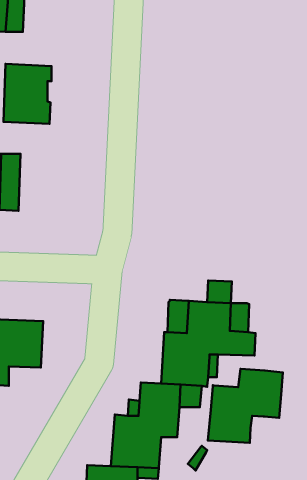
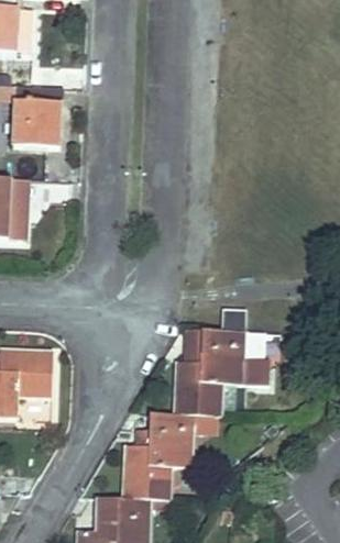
building: [208,369,283,443] -> none

